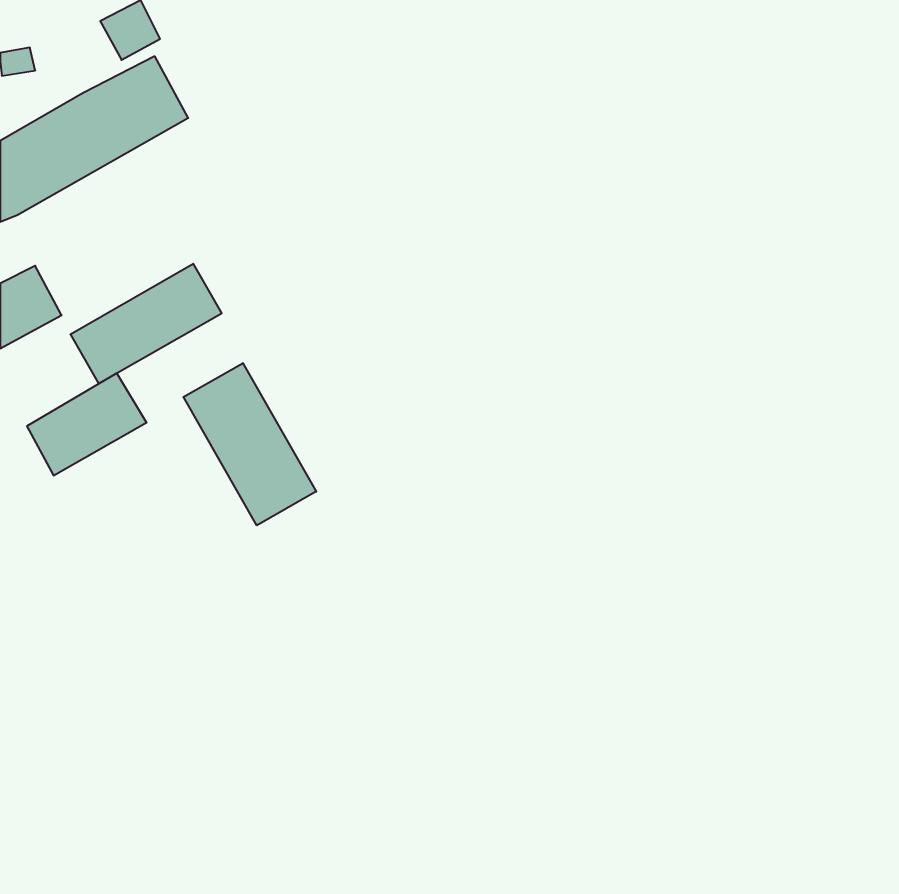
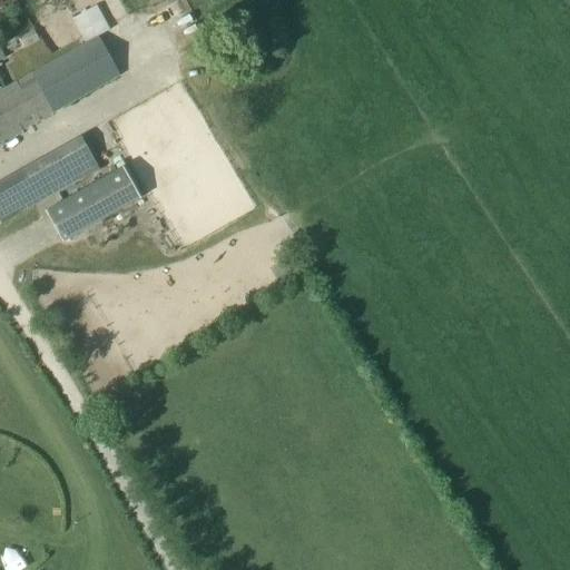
building: [183,363,316,525] -> none
building: [27,373,147,475] -> [22,135,98,199]

